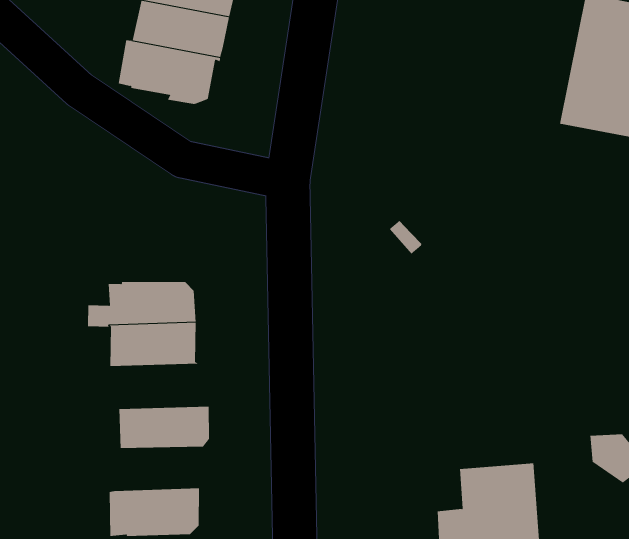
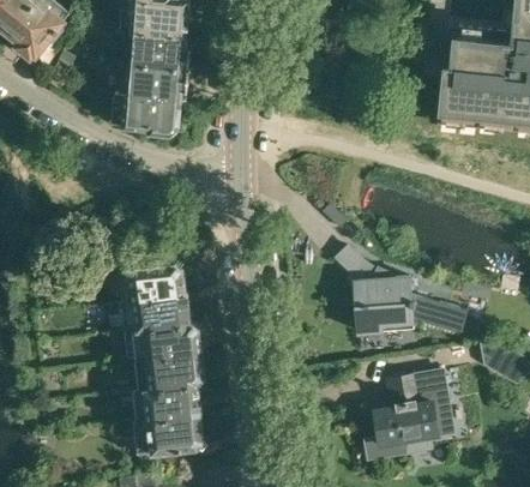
building: none -> [337,248,468,335]
building: none -> [127,323,203,361]
building: none -> [135,383,201,421]

